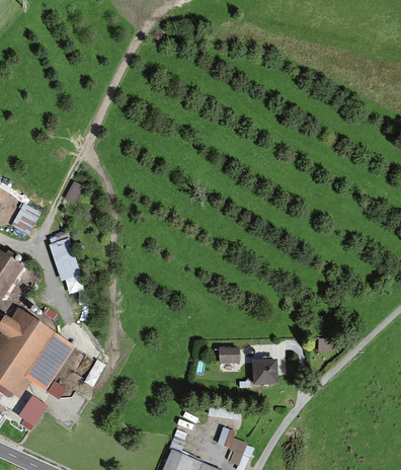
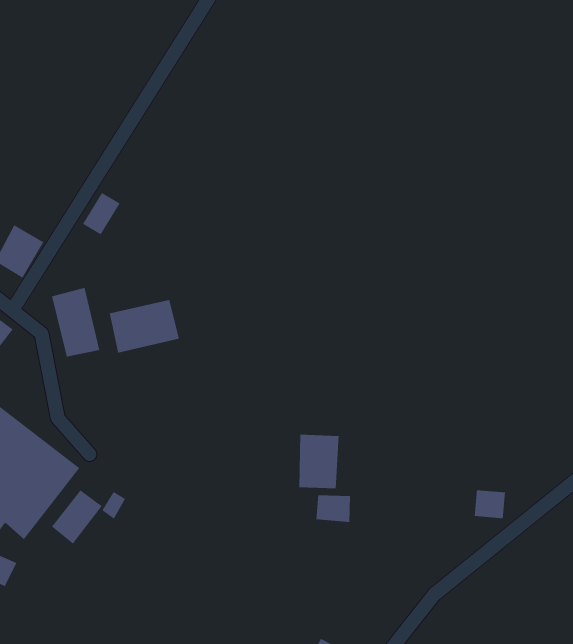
building: none -> [109,299,180,354]
building: [254,351,279,385] -> [298,434,339,489]
building: none -> [51,490,102,544]

